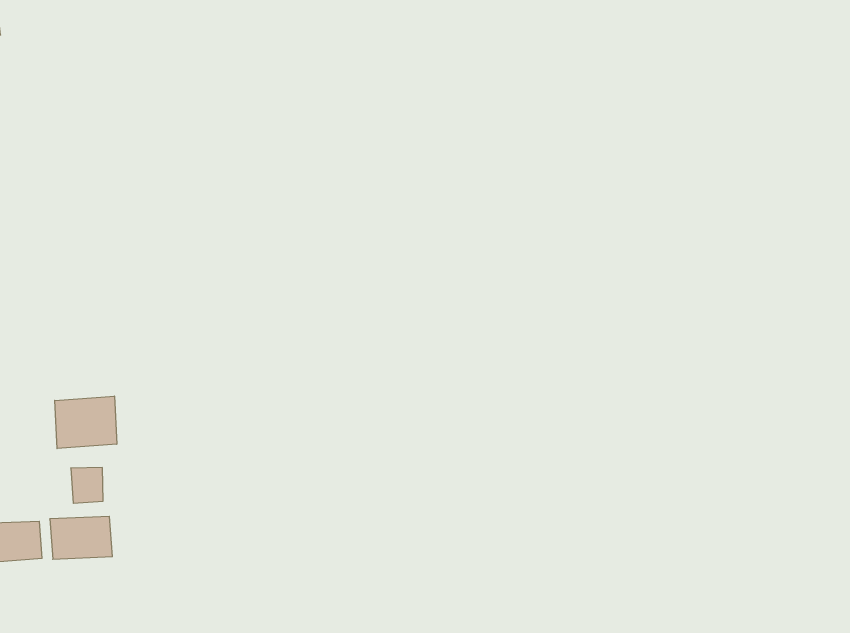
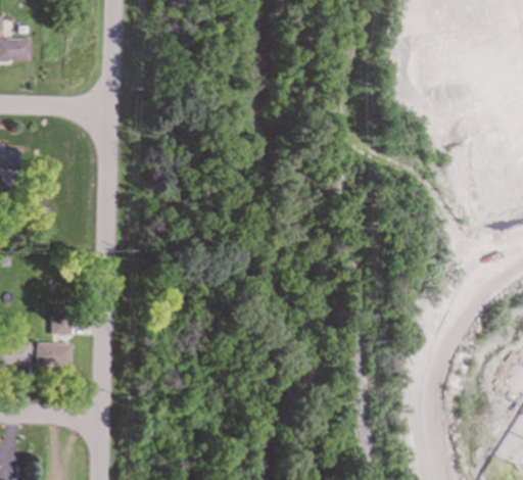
building: [55,396,117,449] -> none

